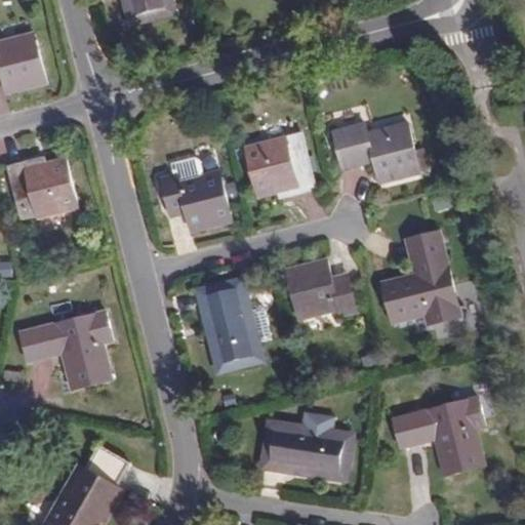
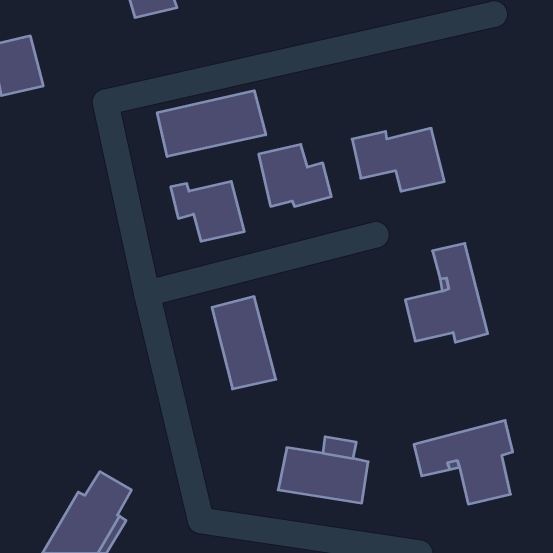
building: none -> [157,91,266,157]
building: [4,157,75,217] -> none
building: [284,258,355,316] -> none
building: [17,313,111,391] -> none

